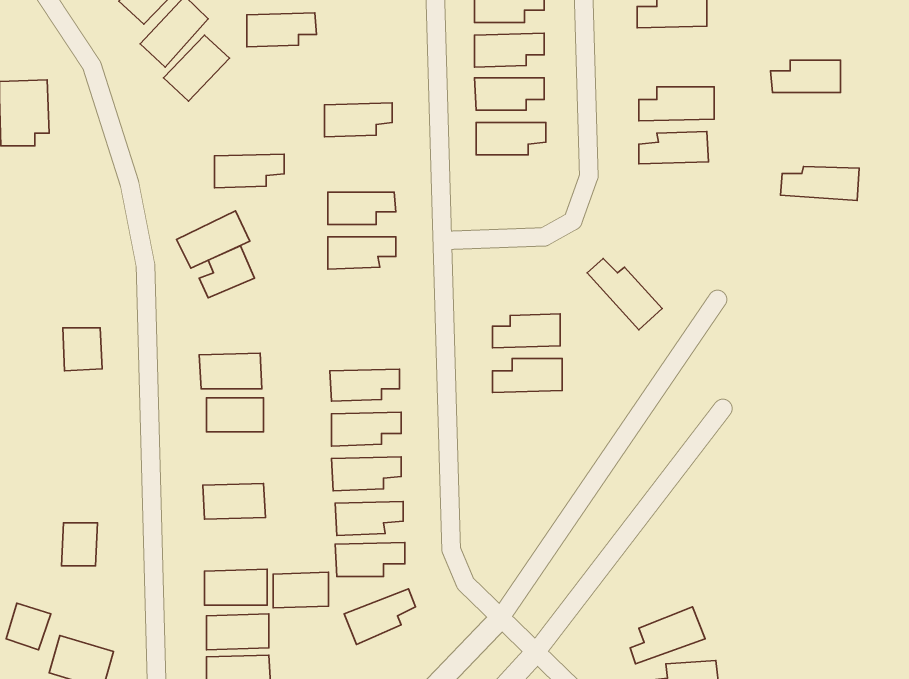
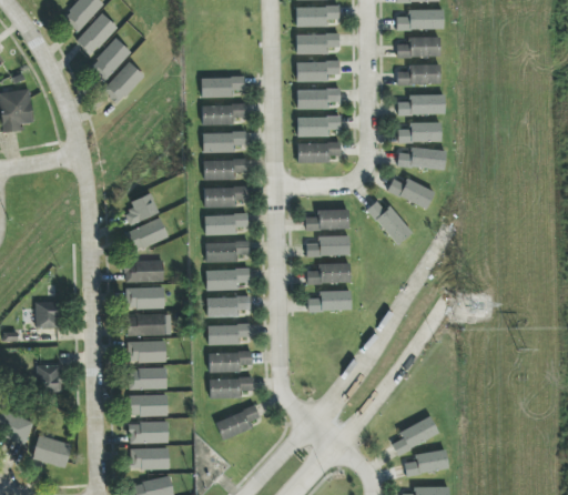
building: [247,13,317,47] -> [202,77,245,98]
building: [771,60,840,92] -> [397,64,440,84]
building: [214,154,284,188] -> [203,132,246,153]
building: none -> [297,143,341,163]
building: [780,166,859,200] -> [397,149,446,170]
building: [177,211,250,268] -> [123,218,169,253]
building: none -> [387,179,435,209]
building: none -> [306,209,349,230]
building: none -> [205,214,248,235]
building: none -> [206,242,250,263]
building: [63,328,102,371] -> [36,302,60,329]
building: none -> [307,291,352,311]
building: none -> [128,314,166,336]
building: [273,572,329,608] -> [132,367,166,390]

